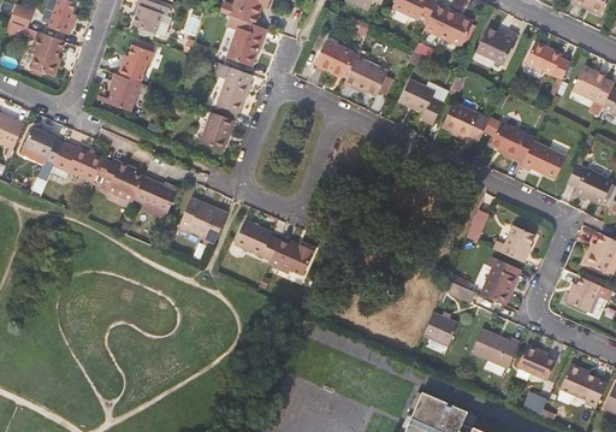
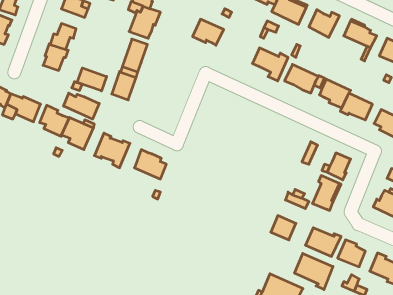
building: [344,57,389,94] -> none
building: none -> [77,68,107,91]
building: none -> [64,93,99,119]
building: [270,241,315,277] -> none
building: none -> [295,253,333,290]

